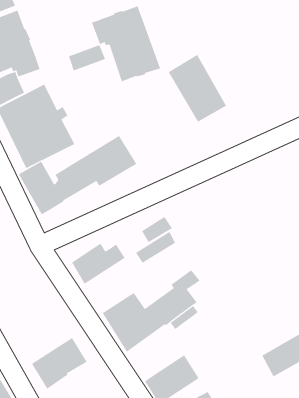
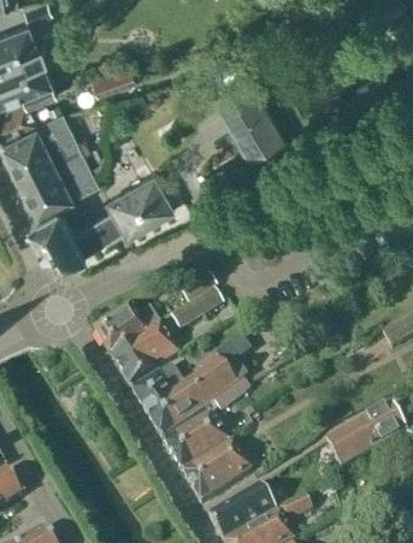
building: [91,5,161,82] -> none
building: none -> [161,413,228,472]
building: [31,337,87,389] -> [108,323,177,386]

